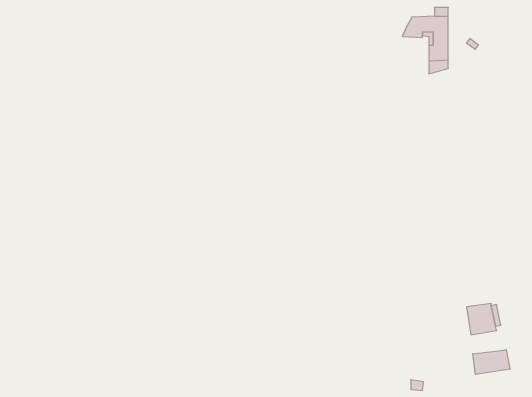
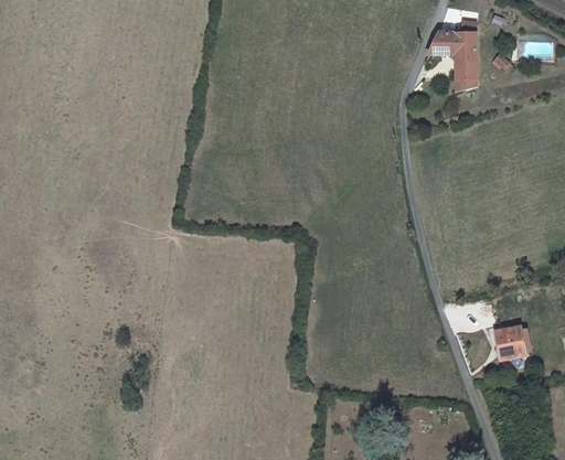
building: [473,350,510,375] -> none

